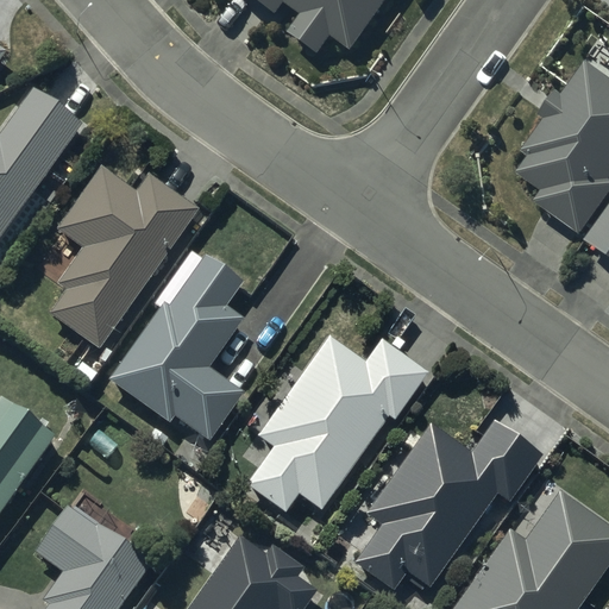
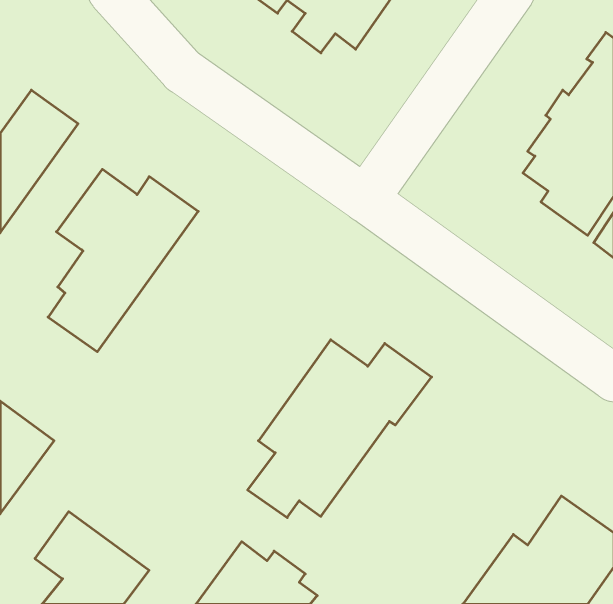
building: [111,257,243,440] -> none
building: [354,422,541,590] -> none

